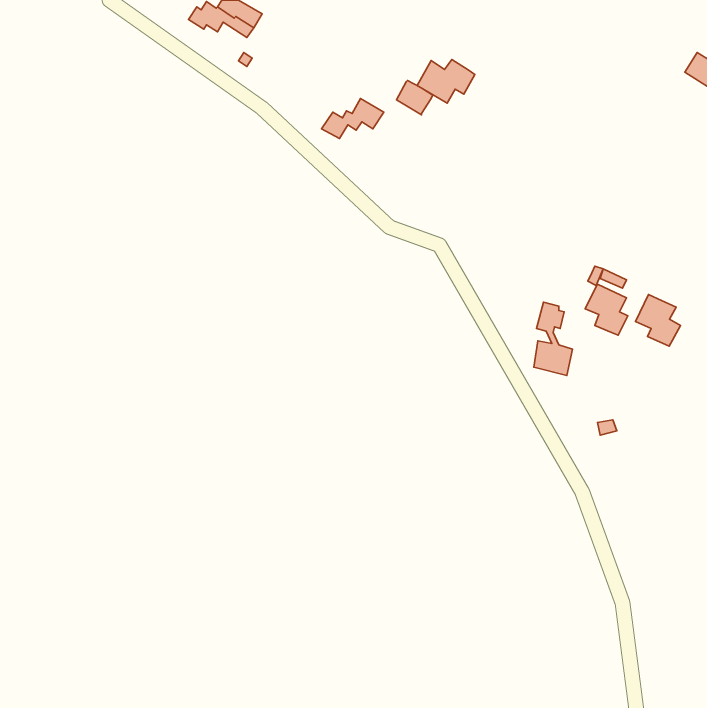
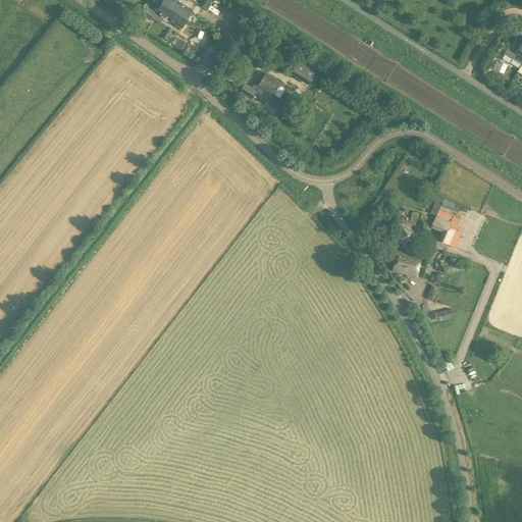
building: [417,59,475,103] -> none
building: [636,295,681,346] -> none

